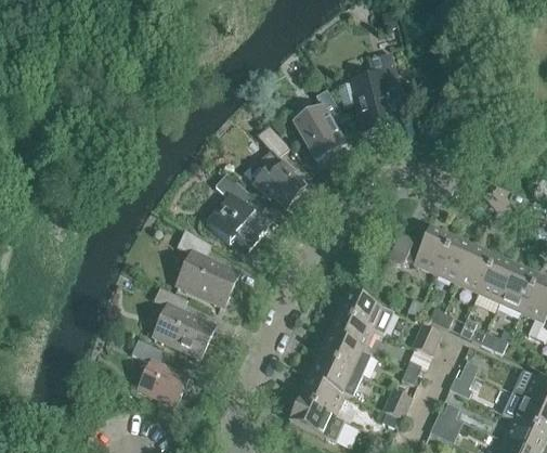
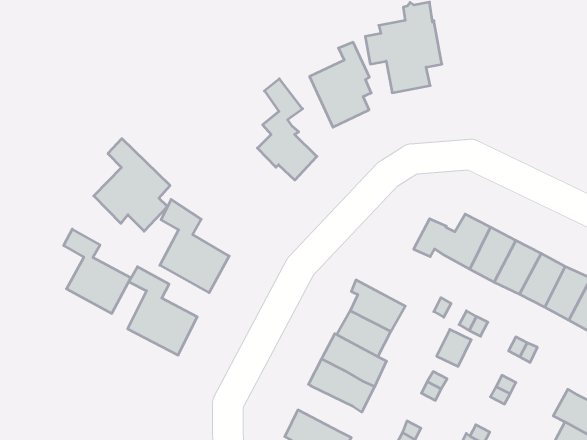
building: [206,173,269,249] -> [94,139,170,231]
building: [132,339,190,407] -> [64,229,131,313]
building: [300,378,346,415] -> none

